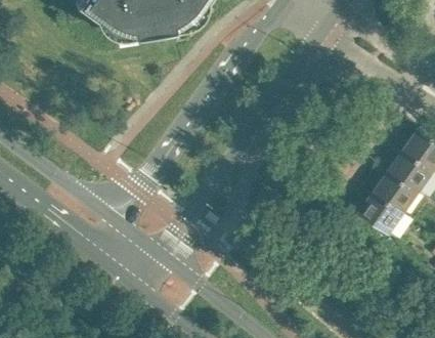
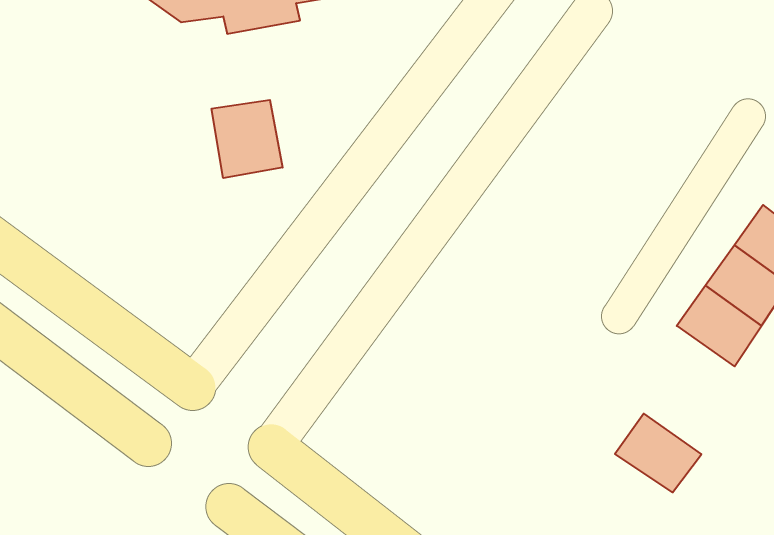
building: none -> [212,100,283,178]
building: [357,197,403,239] -> [615,414,701,492]

